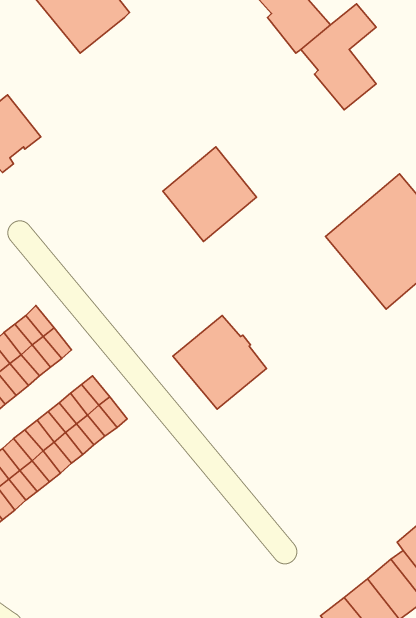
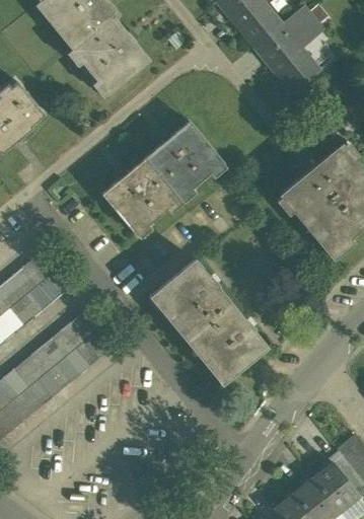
building: none -> [71,16,148,94]
building: none -> [100,159,177,236]
building: none -> [189,305,266,382]

